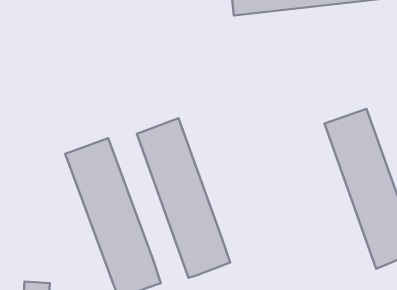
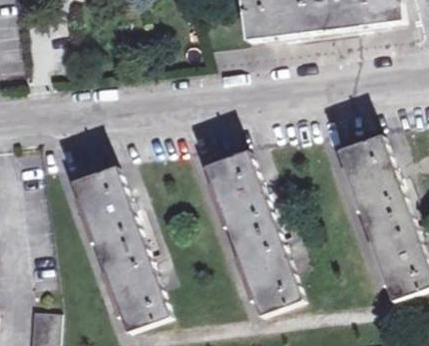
building: [137,118,230,278] -> [206,150,303,315]

